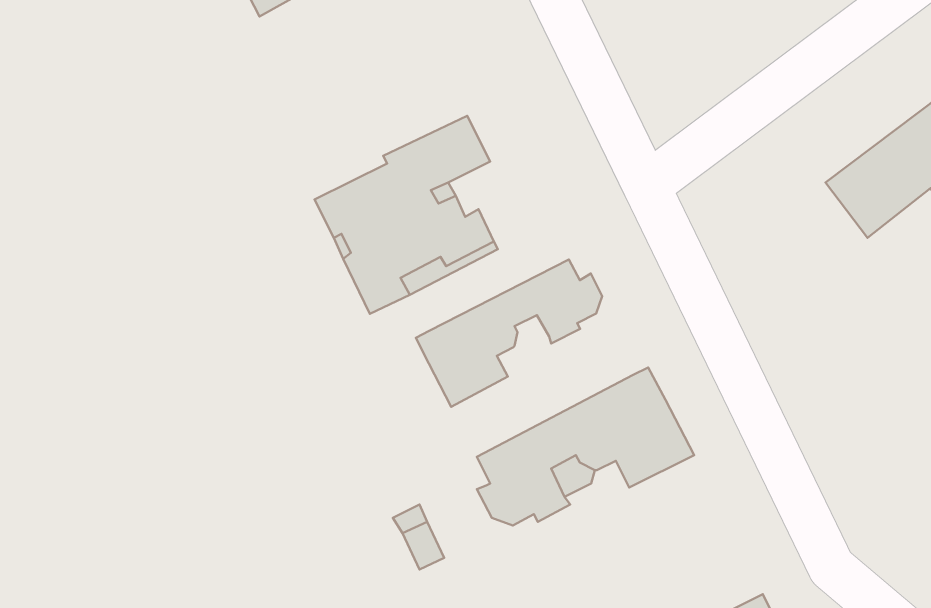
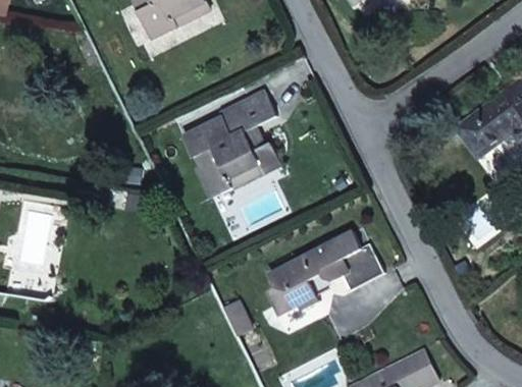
building: [416,259,602,407] -> none

